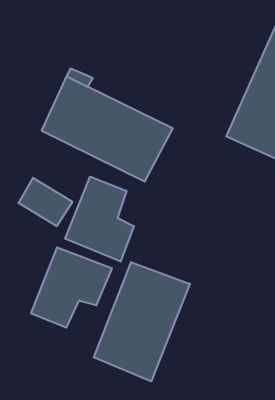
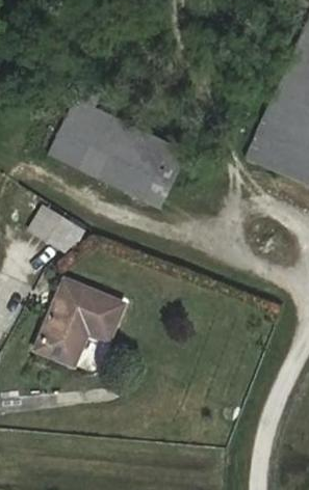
building: [65,177,134,262] -> none
building: [94,262,190,381] -> none

